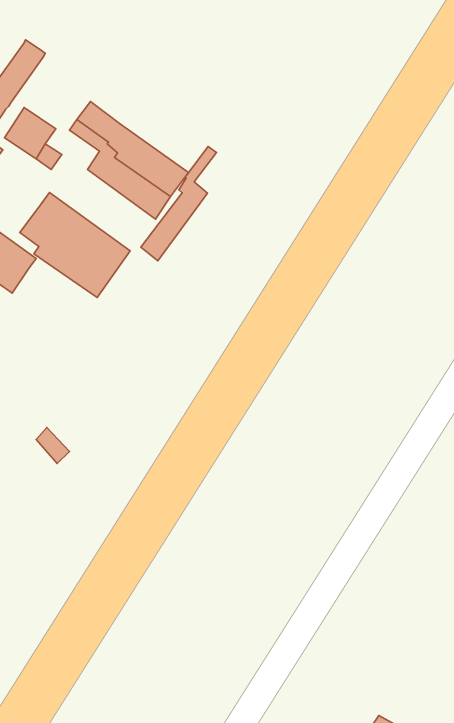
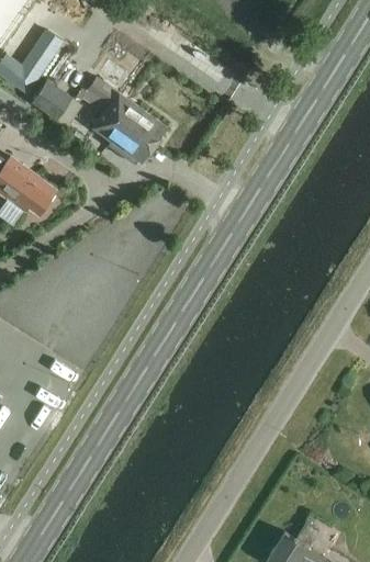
building: [141,146,216,261] -> none
building: [20,193,130,298] -> none

